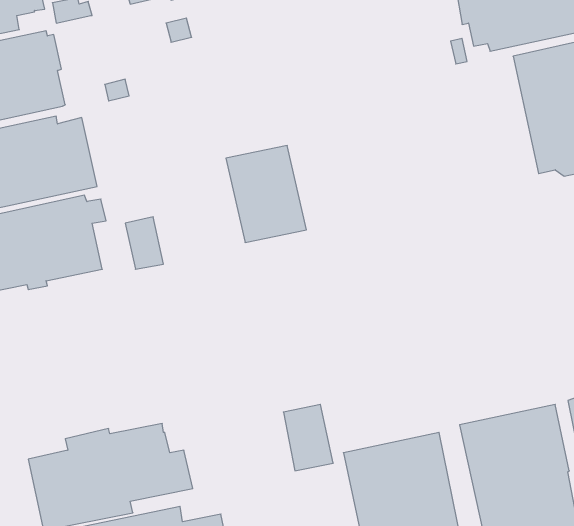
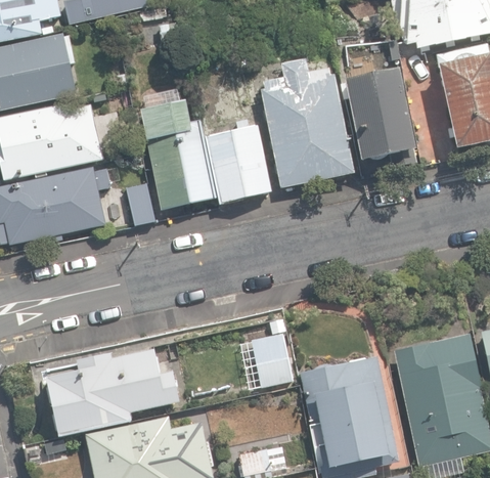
building: none -> [261,57,353,186]
building: none -> [344,70,415,167]
building: none -> [140,99,216,210]

